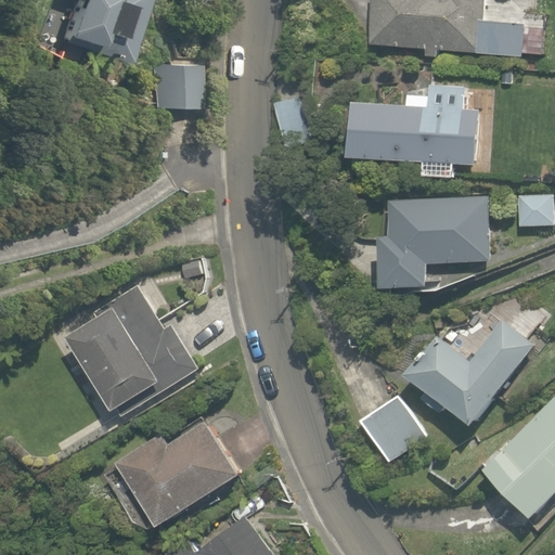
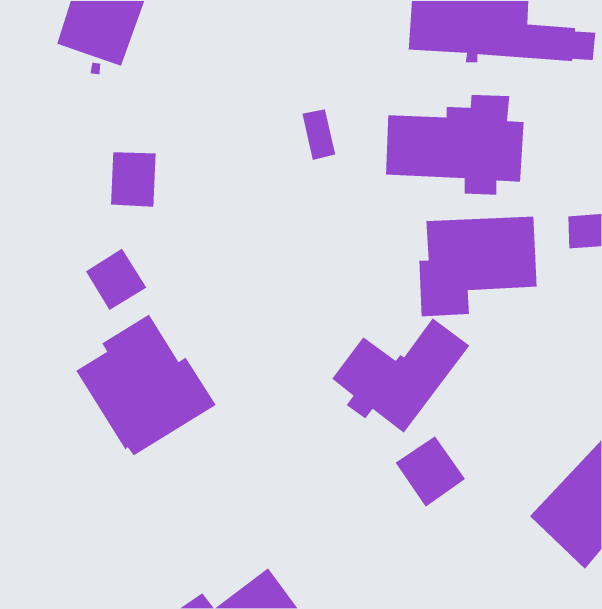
building: [150,60,192,111] -> [110,152,157,208]
building: none -> [85,247,147,311]
building: [406,319,533,425] -> [331,317,471,434]
building: [105,421,242,527] -> none

